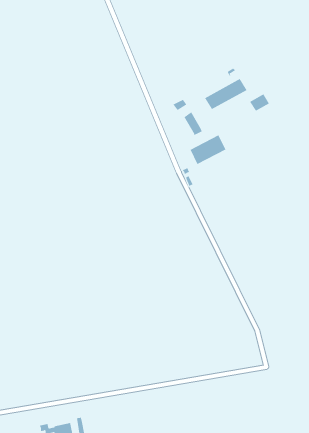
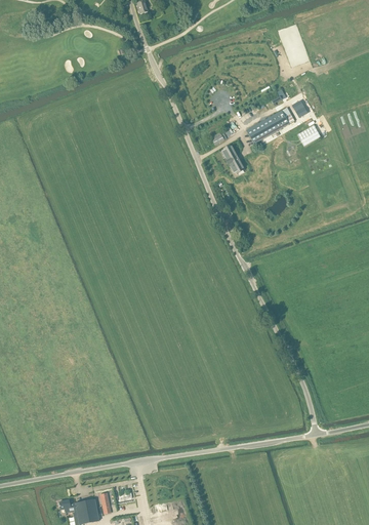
building: [190,134,226,165] -> none

